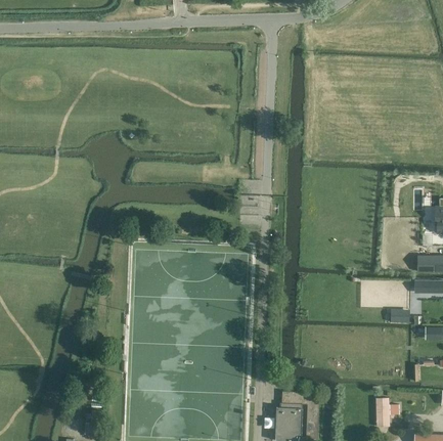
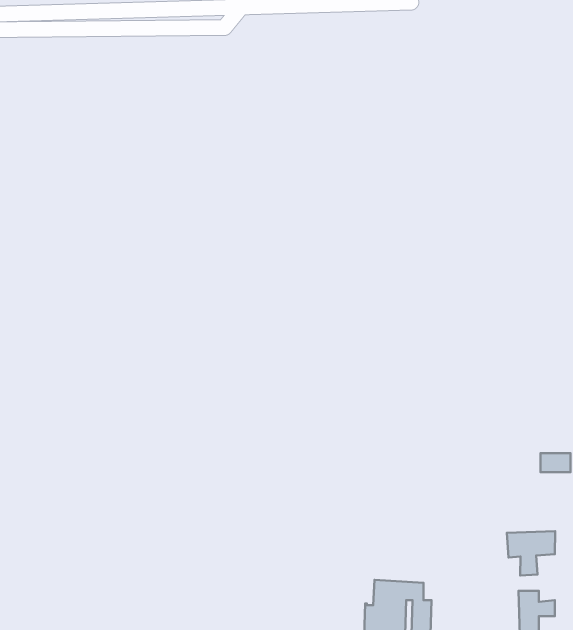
building: none -> [507,531,555,576]

